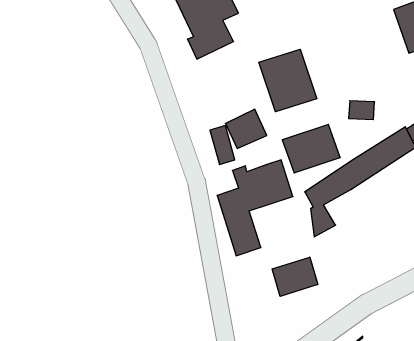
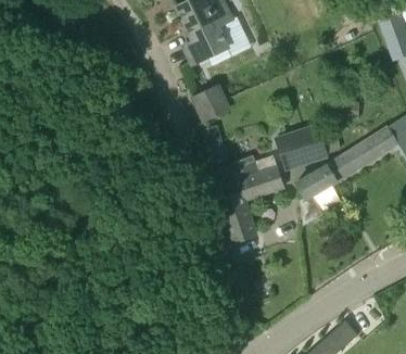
building: [259,49,317,112] -> none
building: [225,109,267,148] -> [193,85,231,121]
building: [272,257,318,296] -> none

